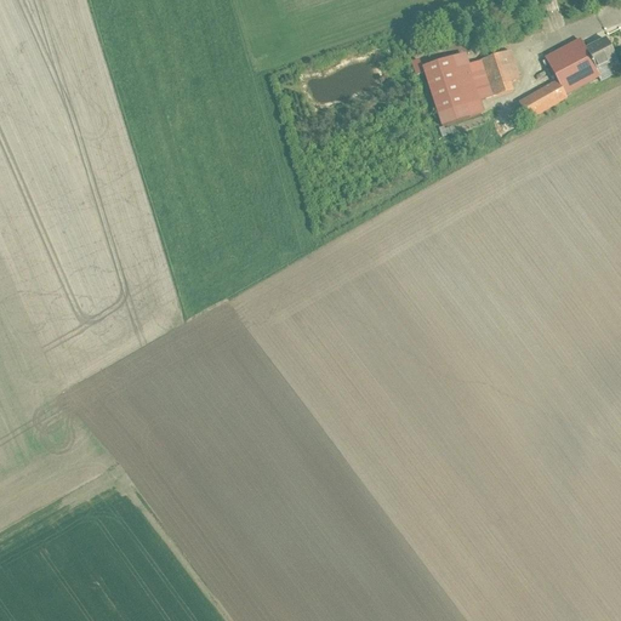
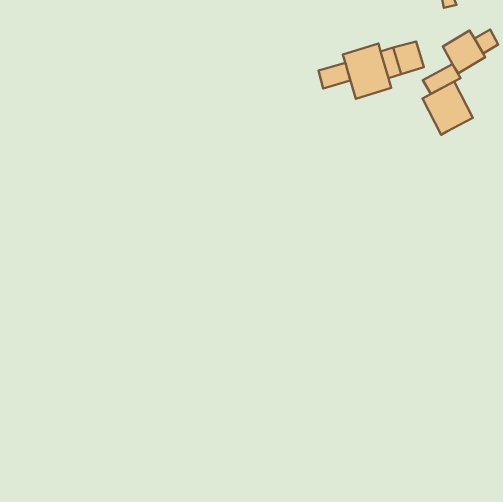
building: none -> [318,63,350,88]
building: none -> [422,81,473,135]

